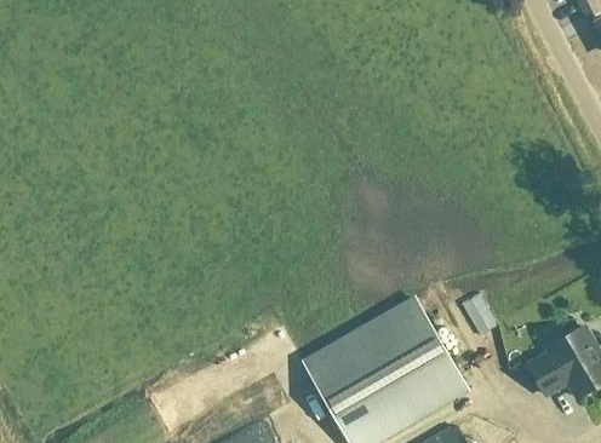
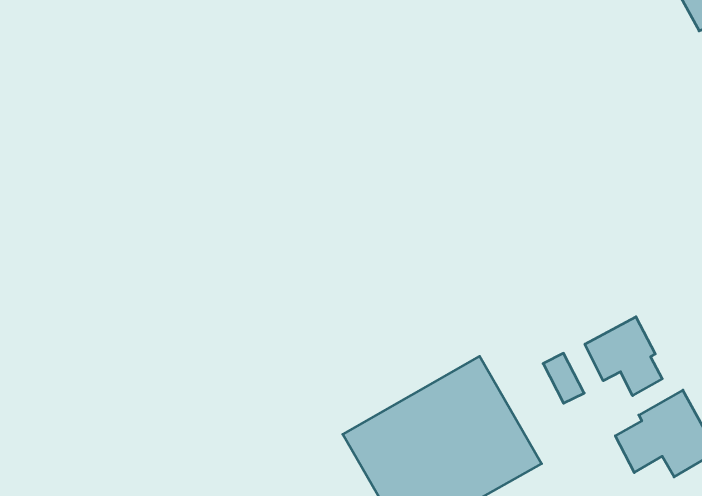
building: none -> [585,317,662,396]

